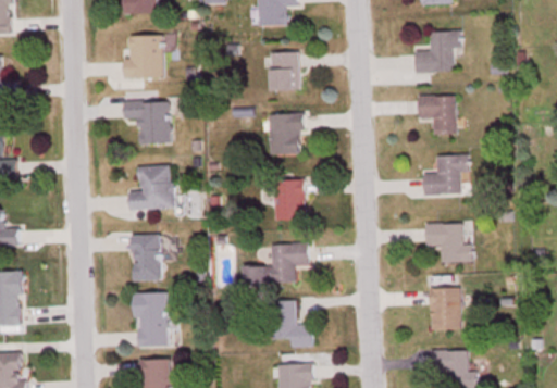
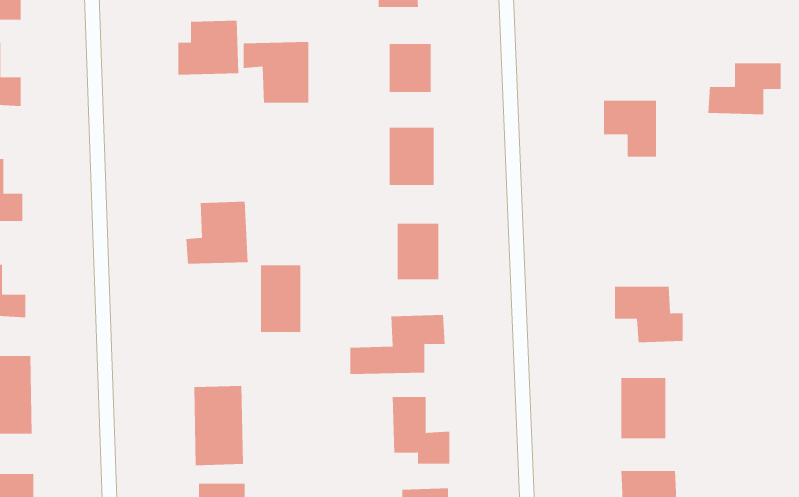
building: [413,36,465,72] -> [708,63,782,115]
building: [124,100,170,142] -> [243,42,309,103]
building: [422,154,468,195] -> none
building: [132,234,160,280] -> [260,265,301,333]

